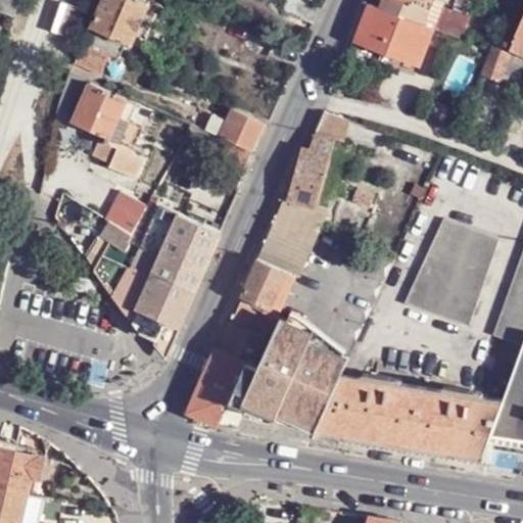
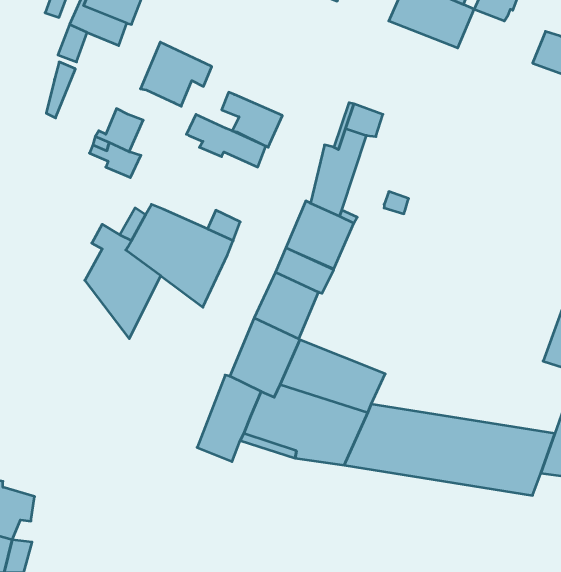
building: [73,83,135,139] -> [140,42,212,106]
building: [416,222,497,327] -> none
building: [129,263,193,348] -> none

